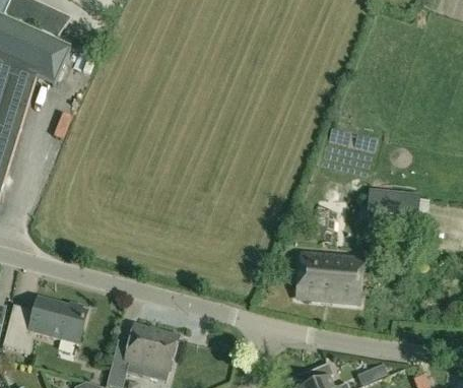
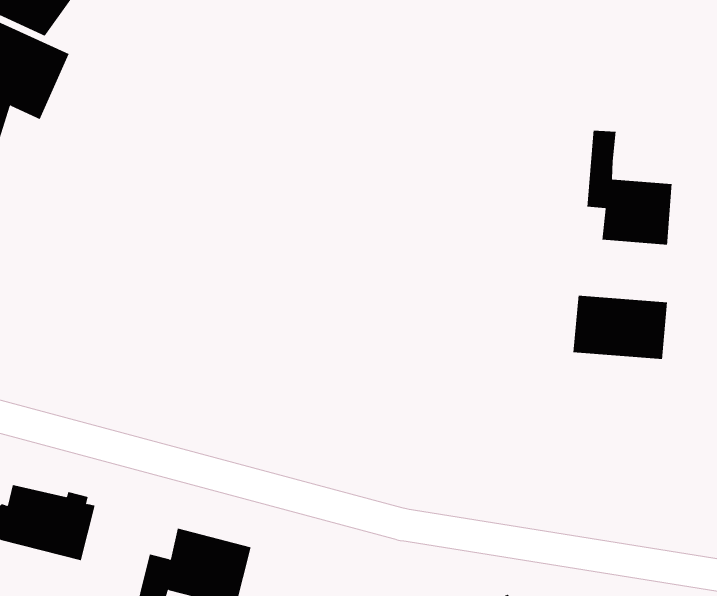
building: none -> [587,130,672,245]
building: [295,251,361,302] -> none

